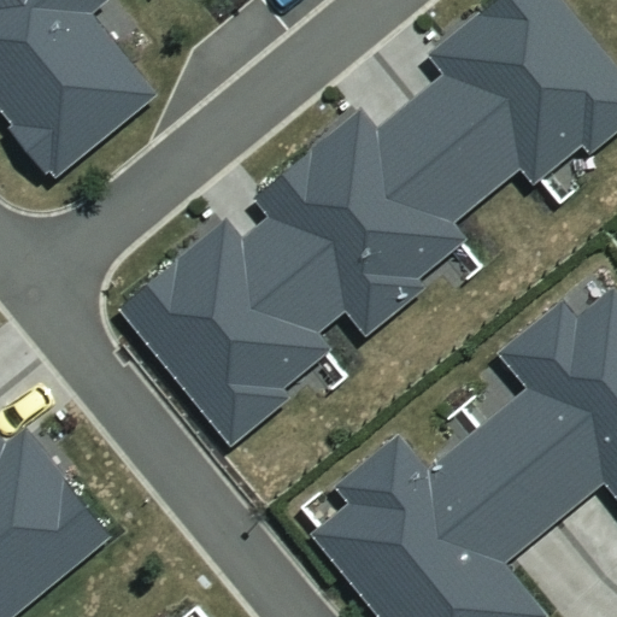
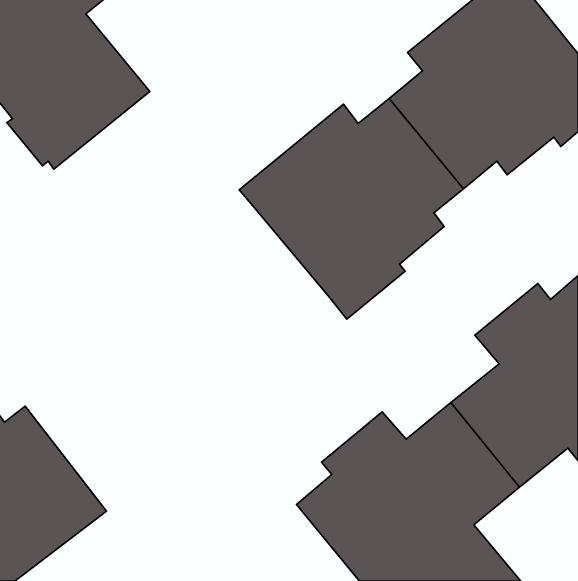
building: [117,217,346,446] -> none

